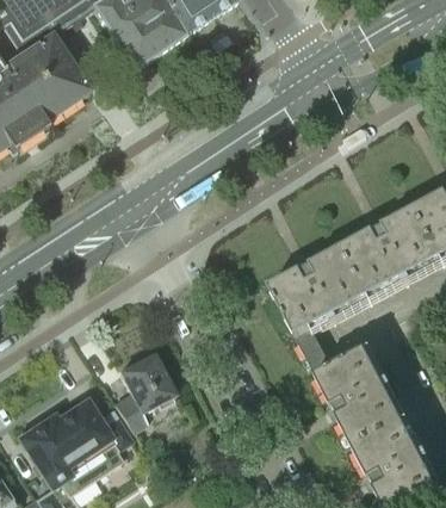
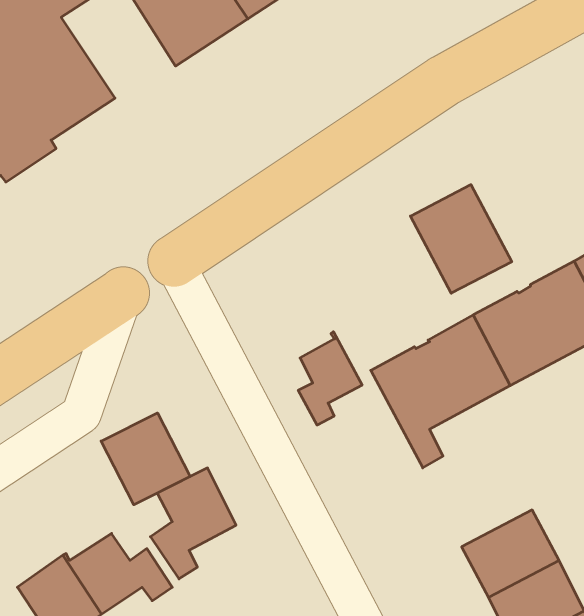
building: none -> [410,185,512,293]
building: none -> [298,332,362,425]
building: none -> [101,413,190,505]
building: [308,346,385,410] -> none

